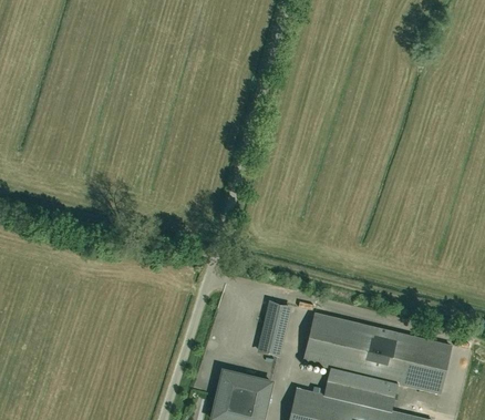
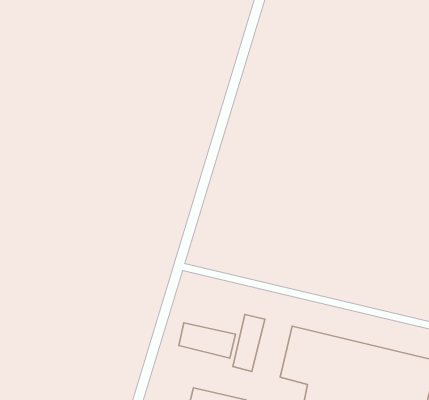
building: none -> [179,323,235,358]

